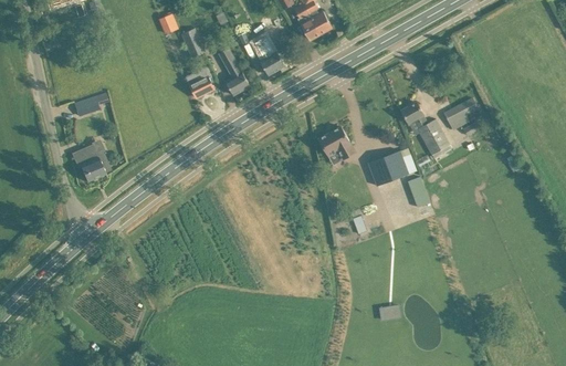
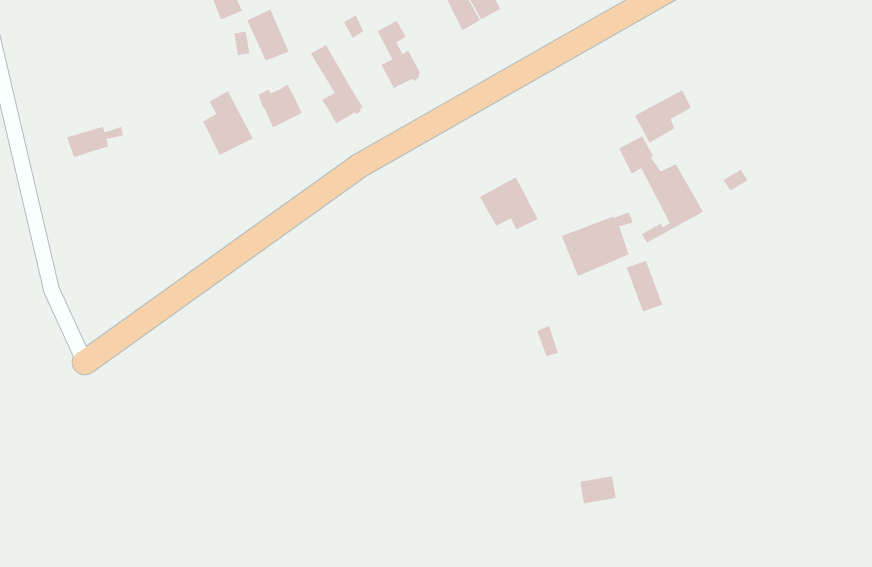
building: none -> [202,90,253,156]
building: [443,97,478,129] -> [634,89,692,143]
building: [74,146,108,181] -> none

